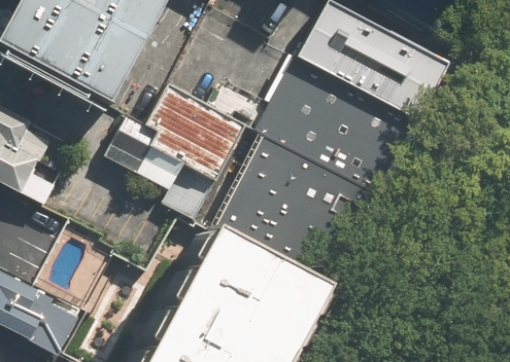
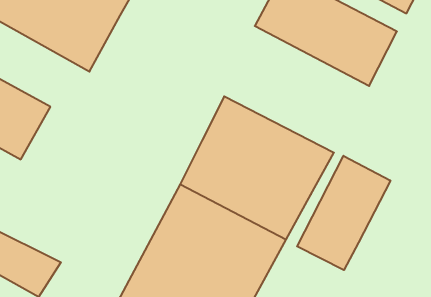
building: [251,58,416,195] -> none
building: [101,81,245,220] -> none
building: none -> [297,156,390,270]

